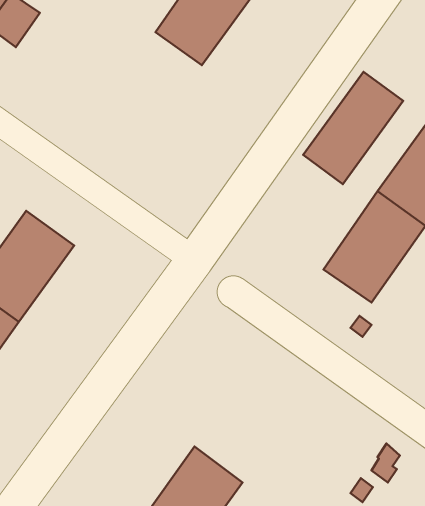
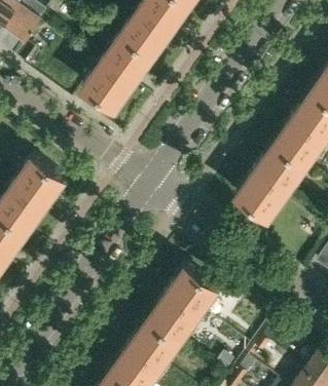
building: none -> [83,33,153,109]
building: [303,72,403,184] -> none
building: none -> [148,264,219,341]

